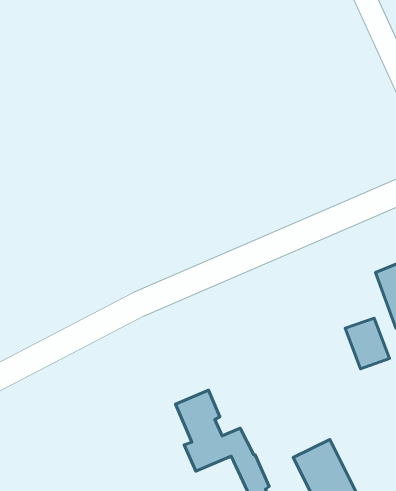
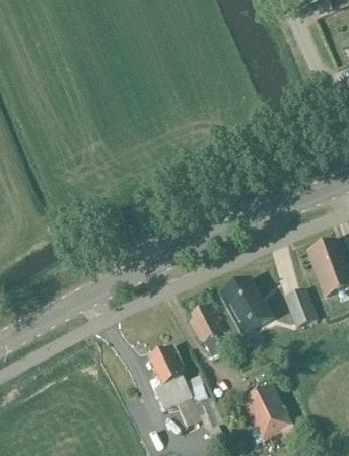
building: none -> [220,276,270,331]
building: none -> [189,302,223,355]

